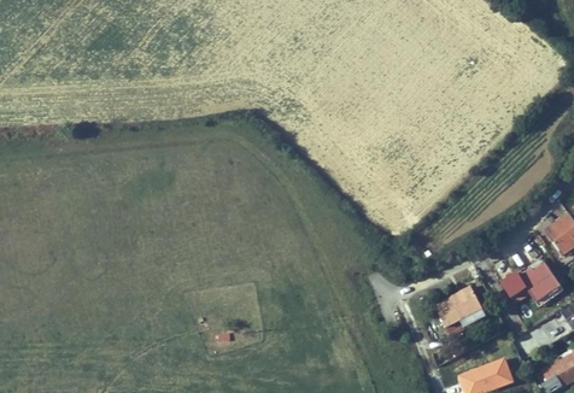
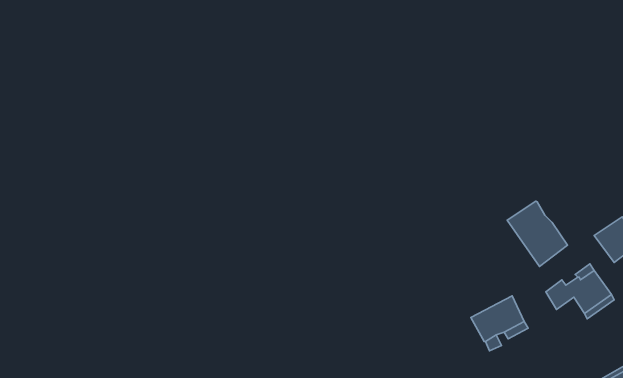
building: none -> [507,201,568,266]

